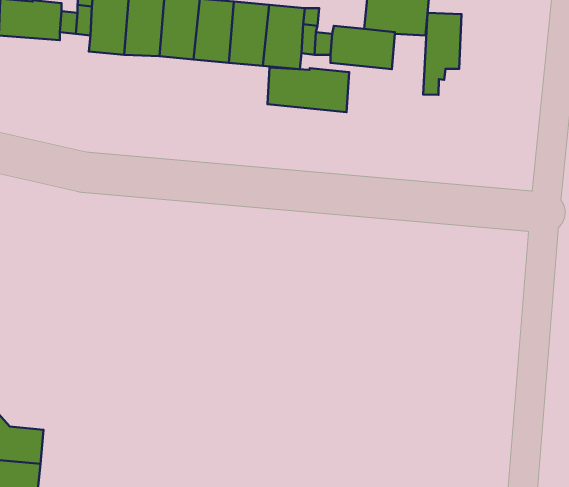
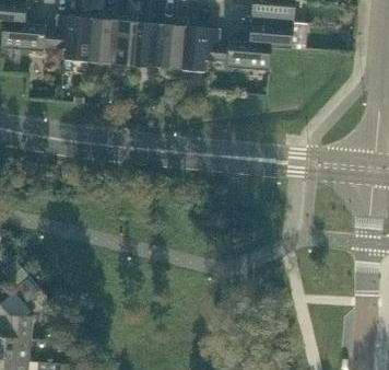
building: [423,13,462,95] -> none
building: [268,67,349,112] -> none

